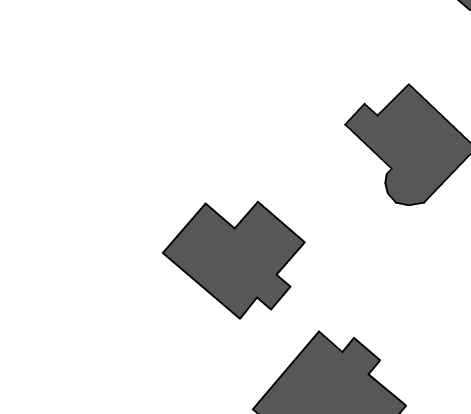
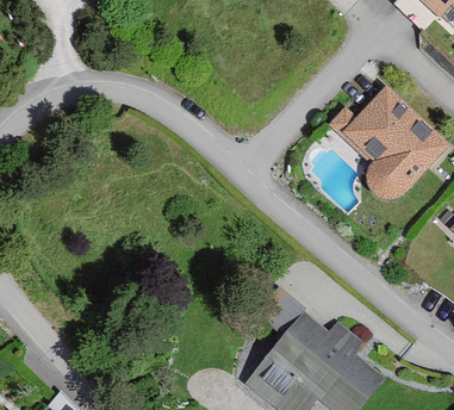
building: [163,202,305,319] -> none

